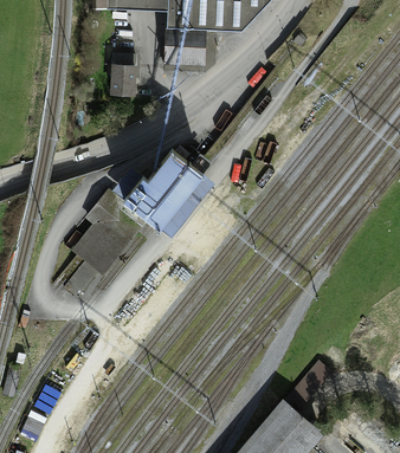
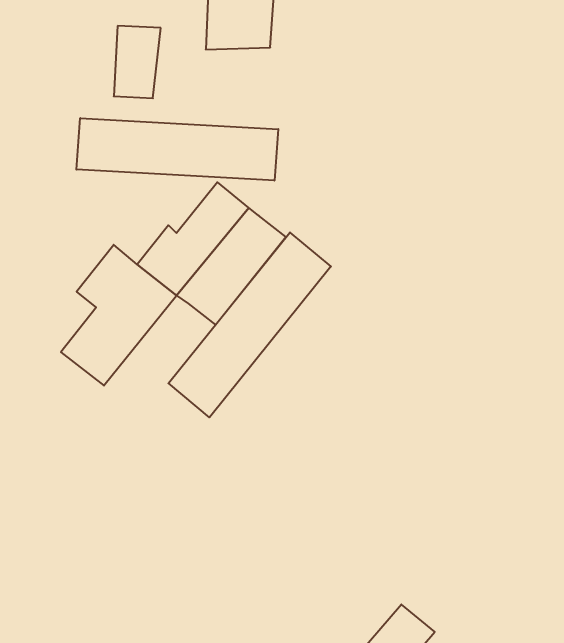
building: none -> [76,118,278,181]
building: none -> [168,232,331,417]

